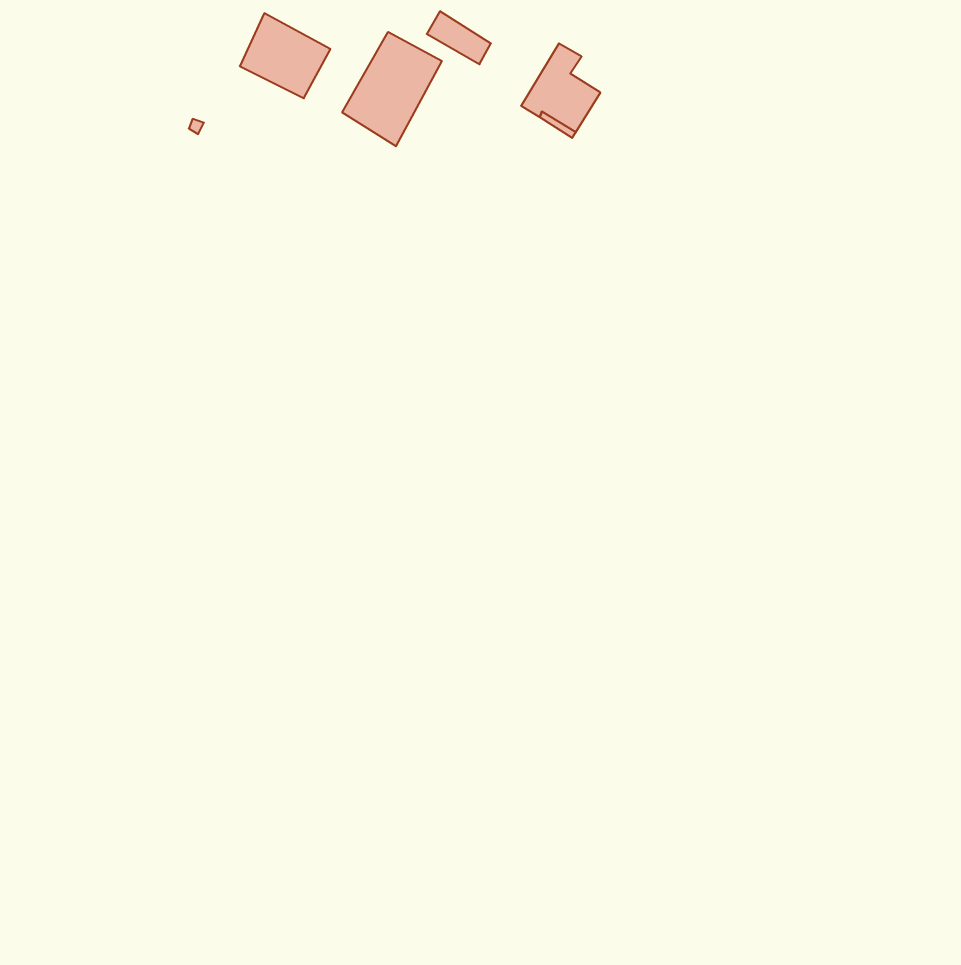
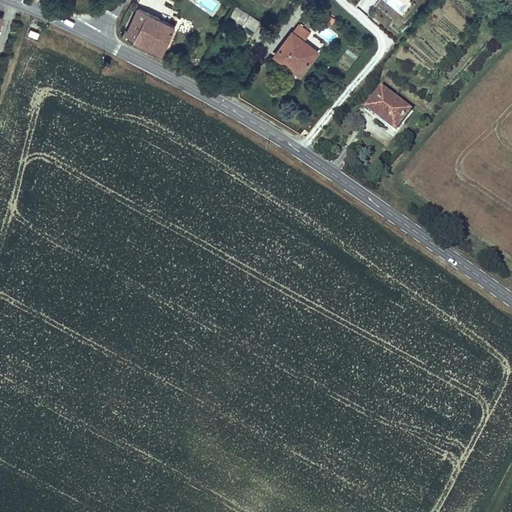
building: [342,32,442,146] -> none
building: none -> [367,93,410,133]

